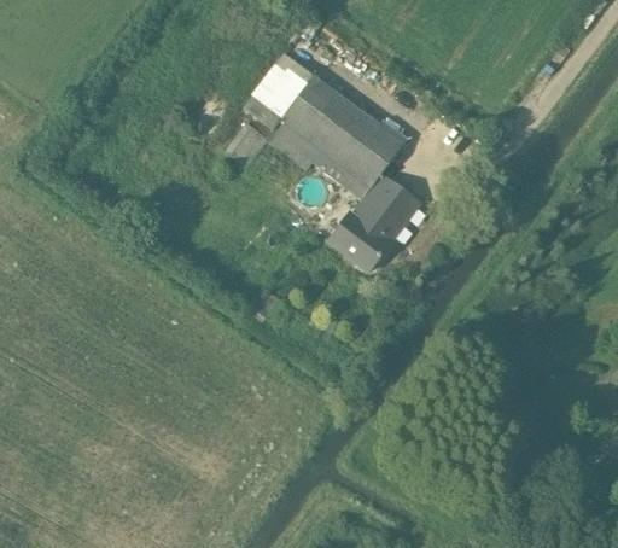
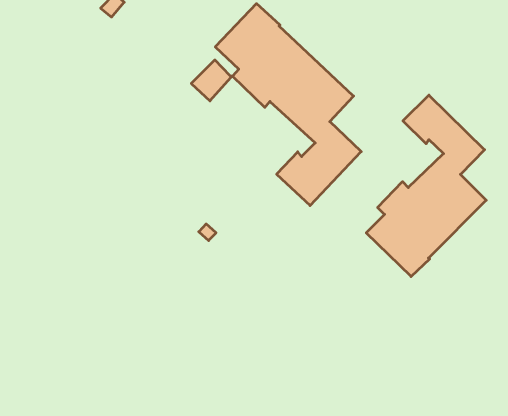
building: none -> [366,95,486,277]

